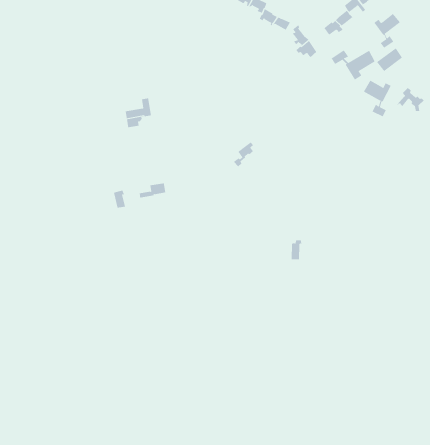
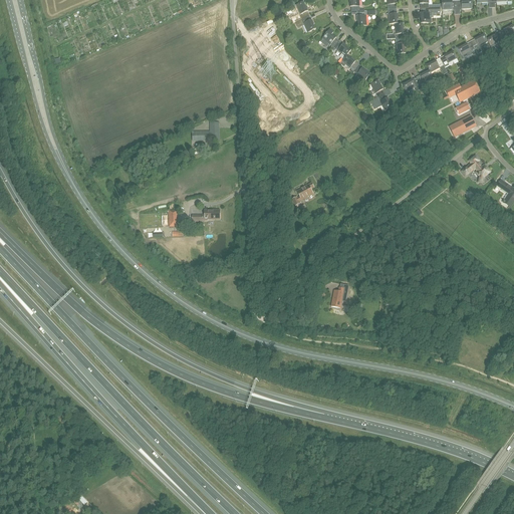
building: [331,50,376,81] -> none
building: [363,80,391,117] -> none

